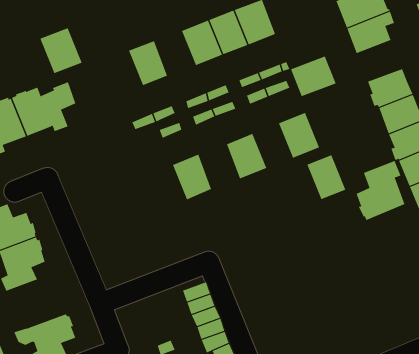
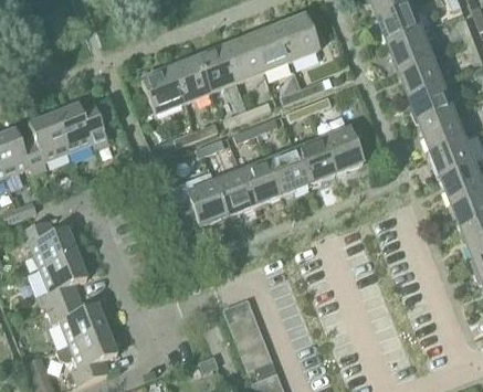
building: [40,28,83,74] -> [140,65,183,112]
building: none -> [196,45,237,91]
building: [290,56,336,97] -> [398,55,444,96]
building: none -> [240,159,281,204]
building: [306,155,346,200] -> [294,138,334,183]
building: [356,160,405,221] -> none
building: none -> [172,180,228,229]
building: none -> [46,295,107,343]

